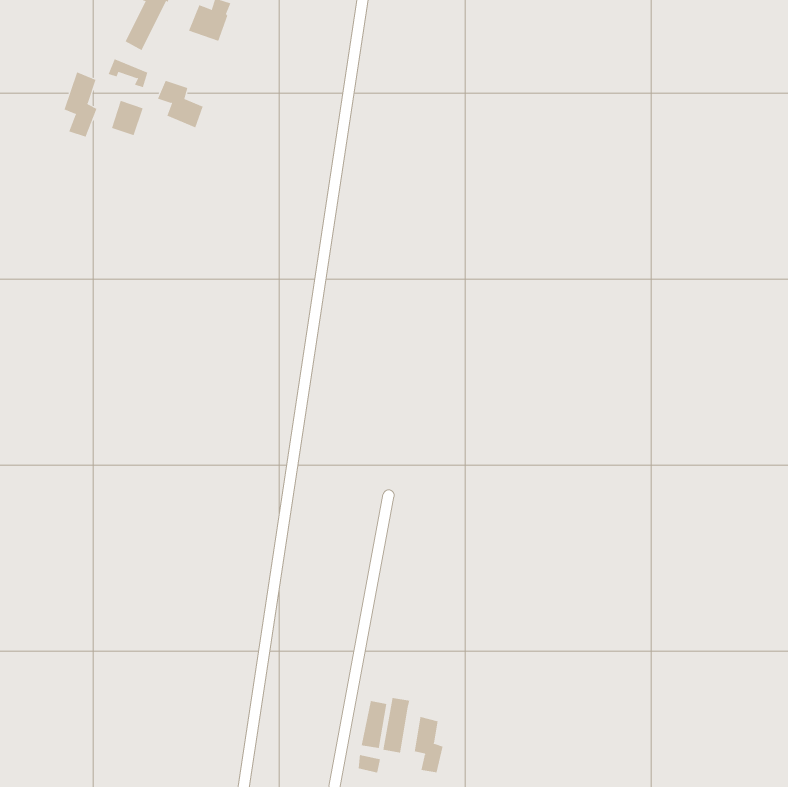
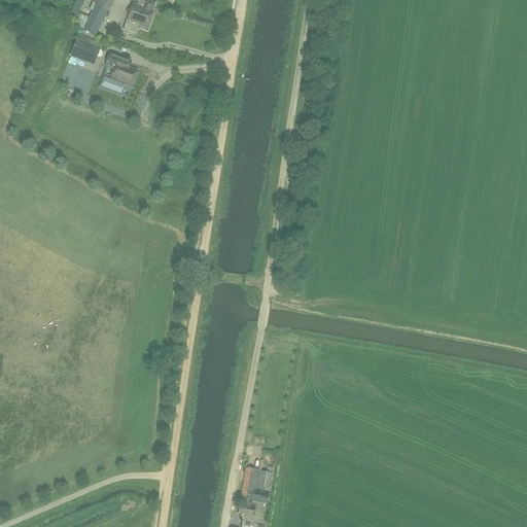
building: [64,71,97,138] -> none
building: [414,716,443,773] -> none

